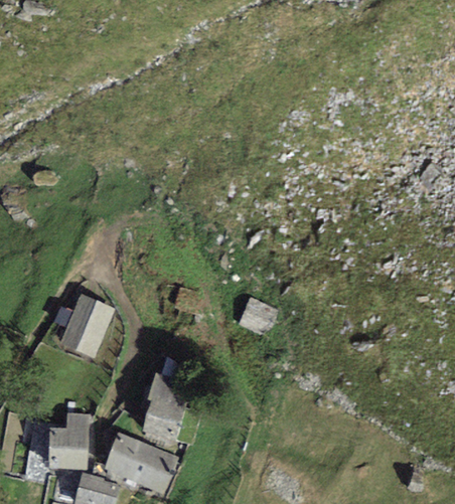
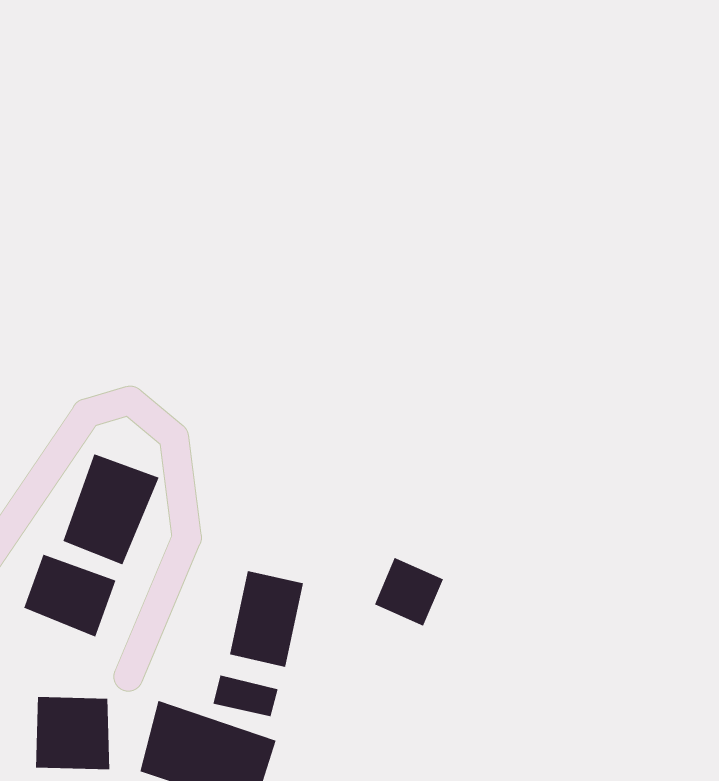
building: [239,297,277,335] -> [374,557,444,627]
building: none -> [23,554,116,637]

